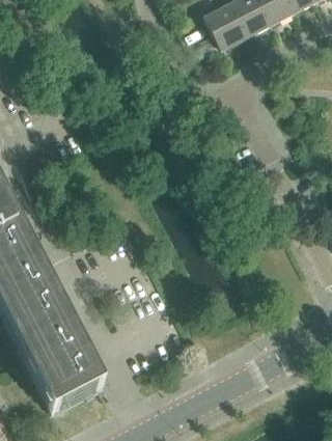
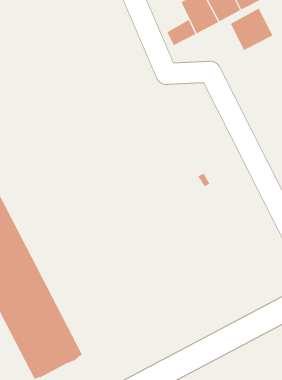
building: none -> [230,8,273,51]

